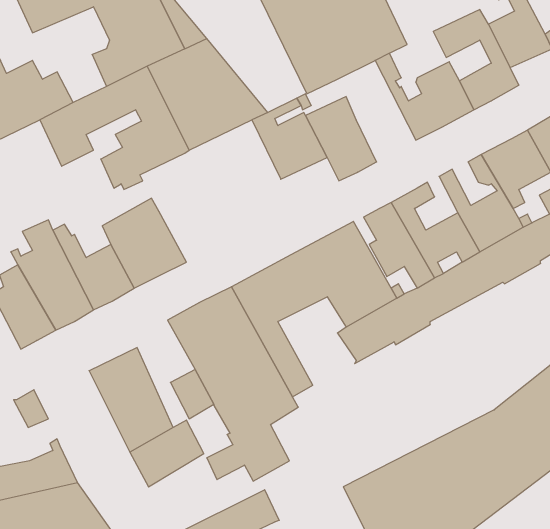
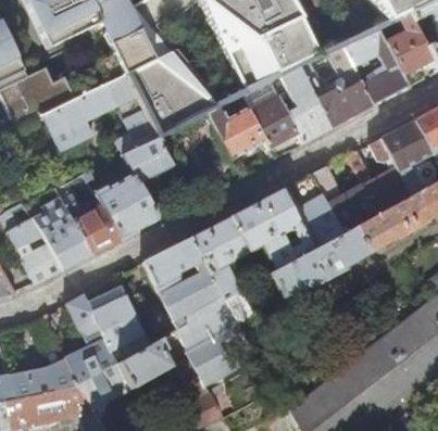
building: none -> [273,67,331,143]
building: none -> [125,137,173,180]
building: none -> [65,294,132,405]

